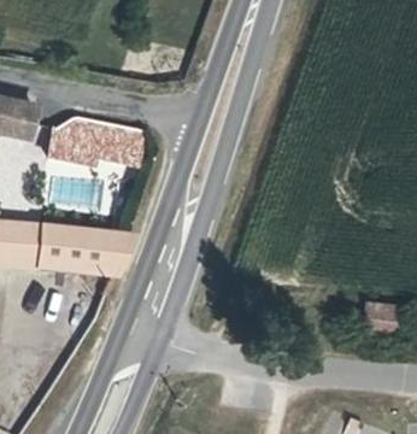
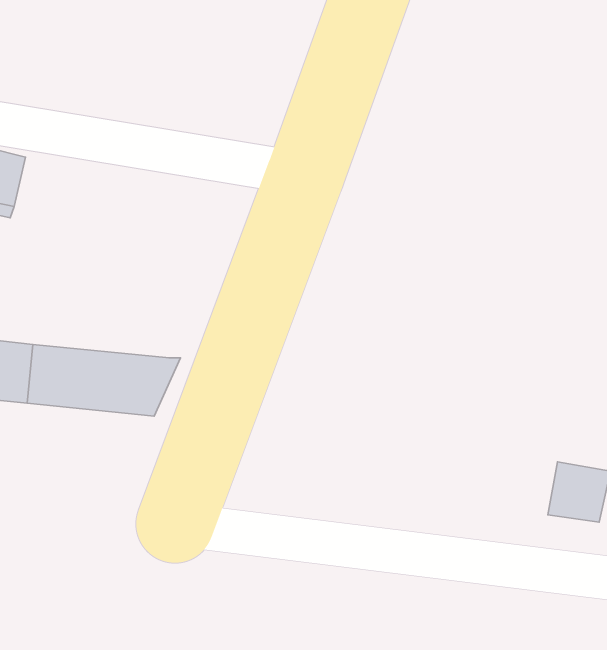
building: [53,117,142,165] -> none

